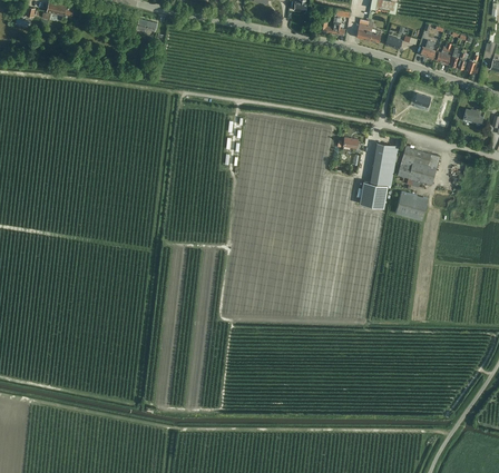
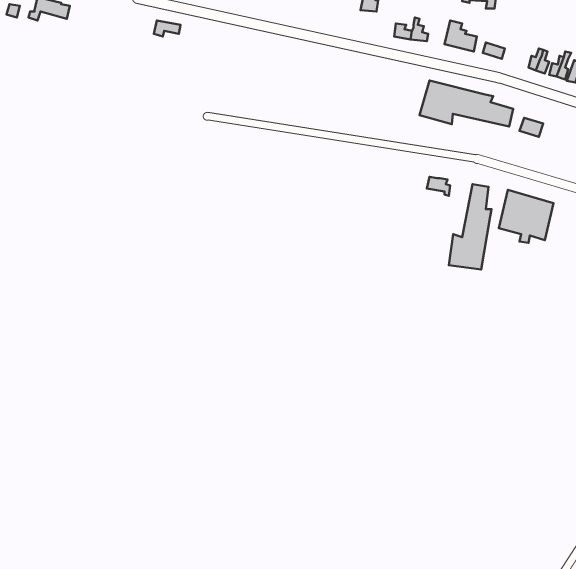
building: none -> [420,80,513,127]
building: [397,193,429,220] -> none

